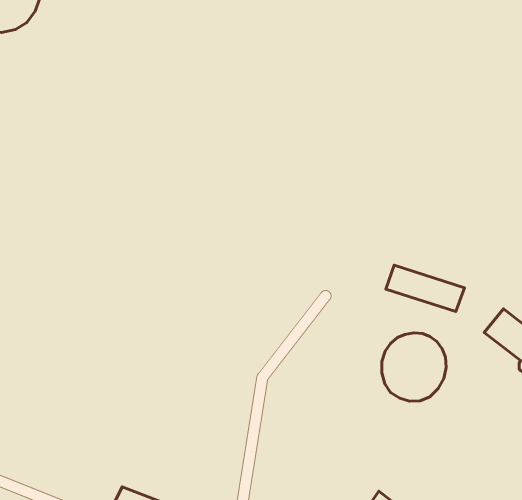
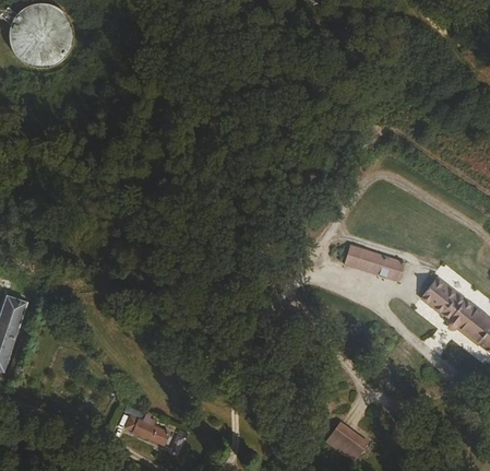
building: [382,333,446,401] -> none

